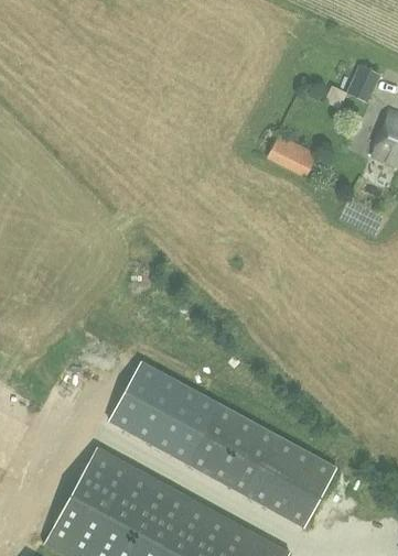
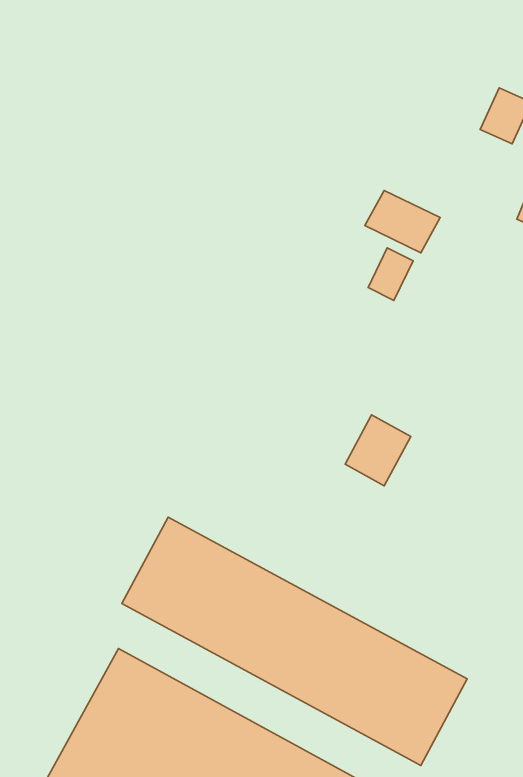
building: none -> [368,248,413,300]
building: none -> [345,415,411,486]

